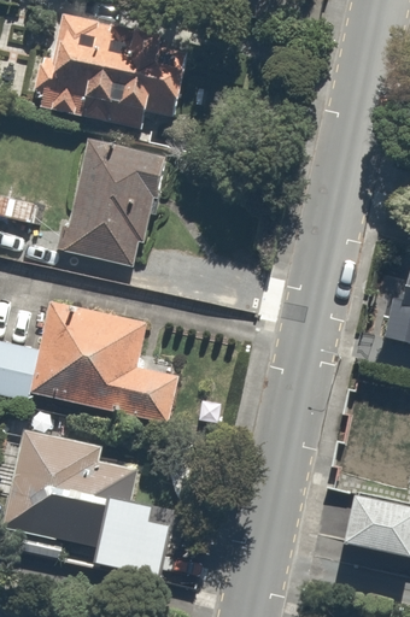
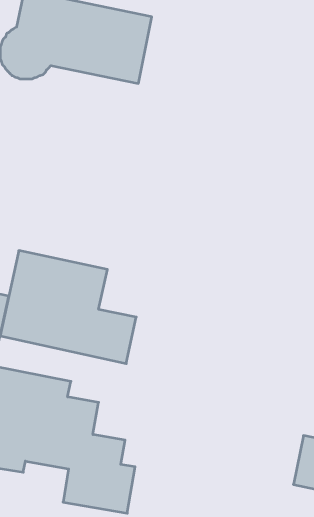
building: [60,140,170,260] -> none

